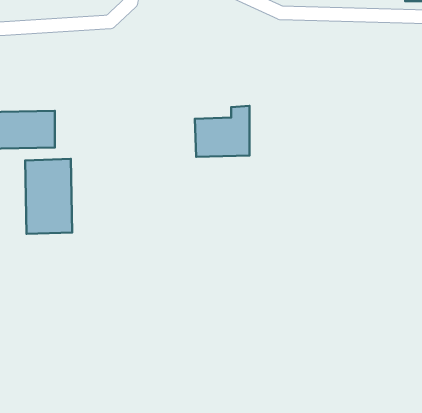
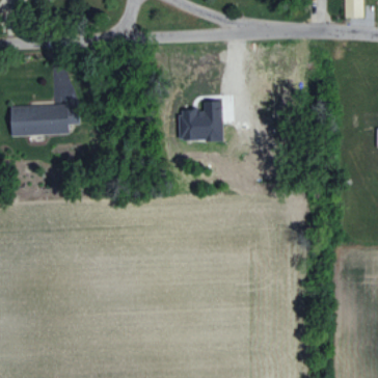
building: [25,159,72,234] -> none

